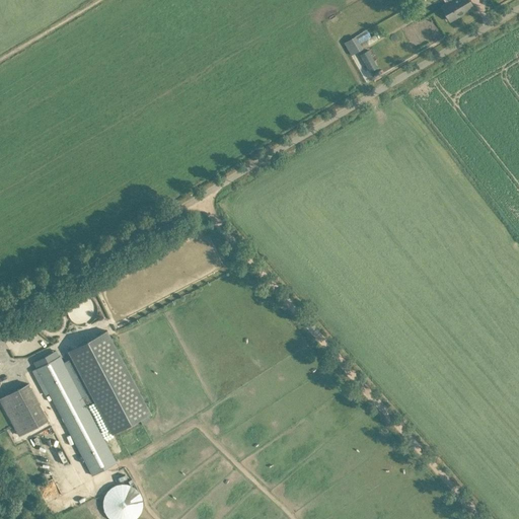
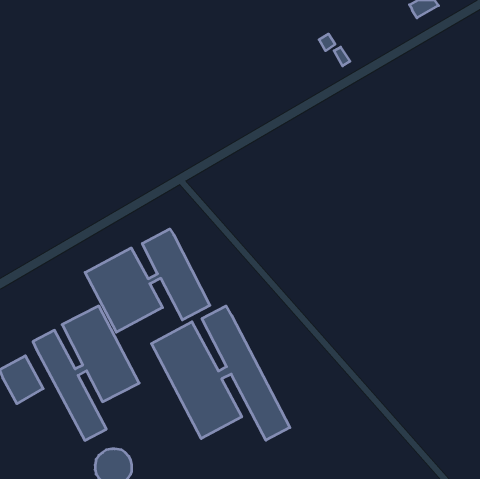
building: none -> [85,229,210,332]
building: none -> [151,306,290,440]

